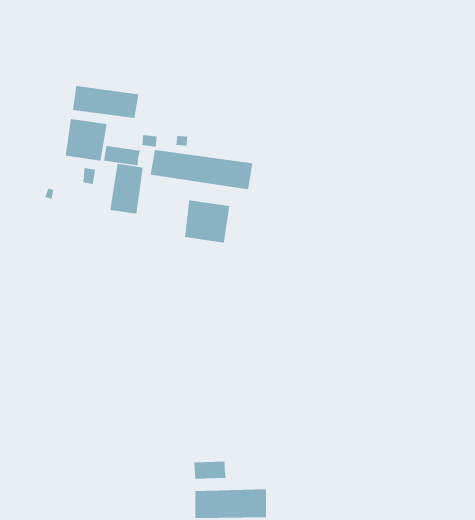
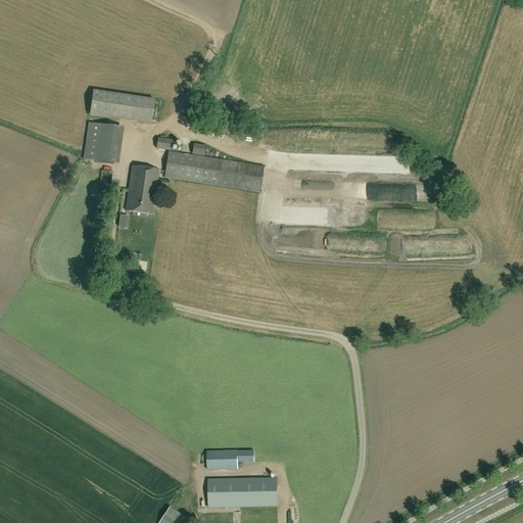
building: [103,145,140,166] -> none
building: [184,199,230,243] -> none

